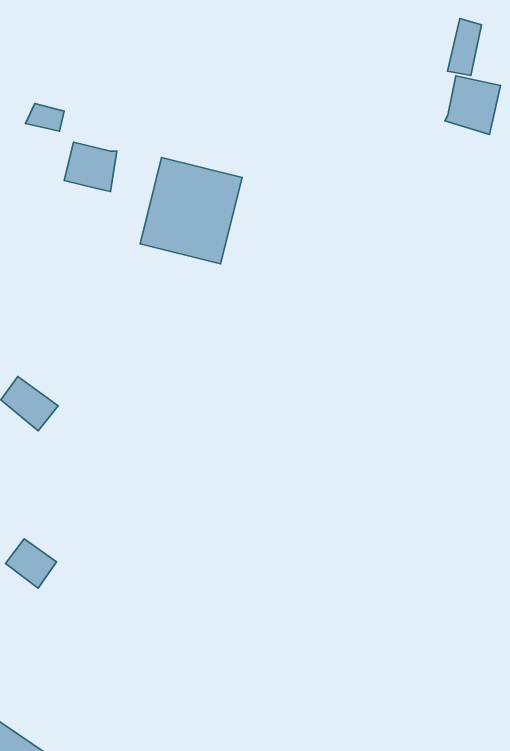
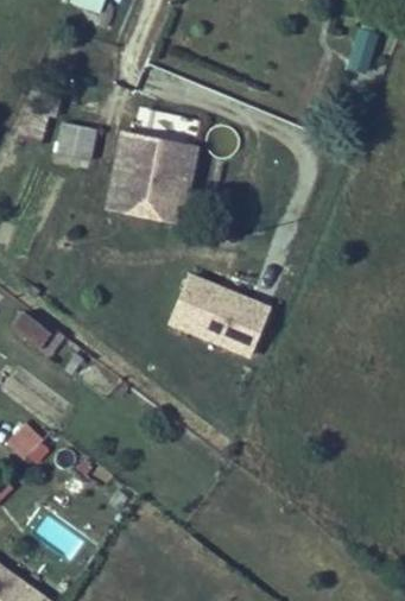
building: [445,76,500,134] -> none
building: none -> [169,273,272,356]

